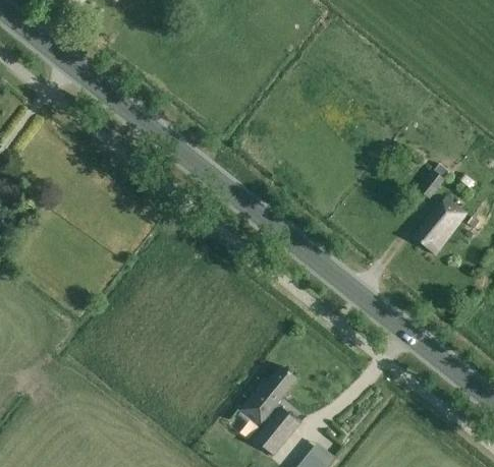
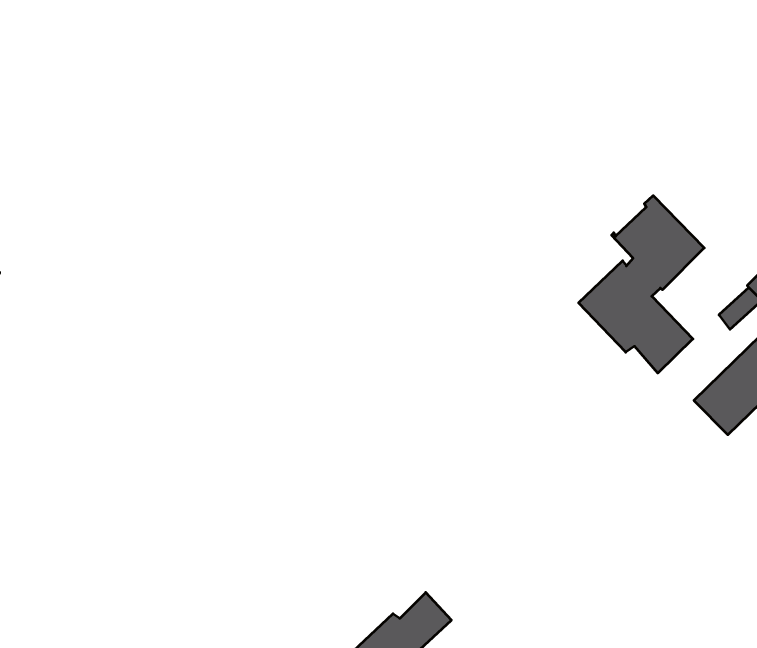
building: none -> [579,196,704,373]

